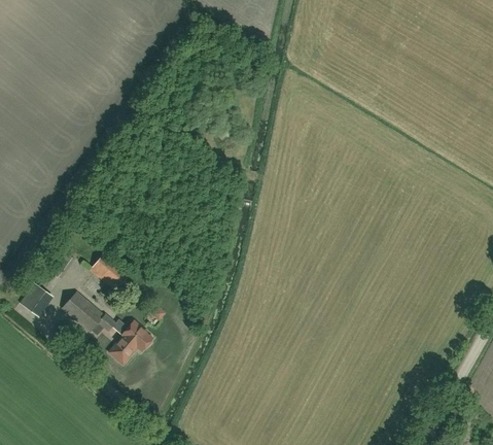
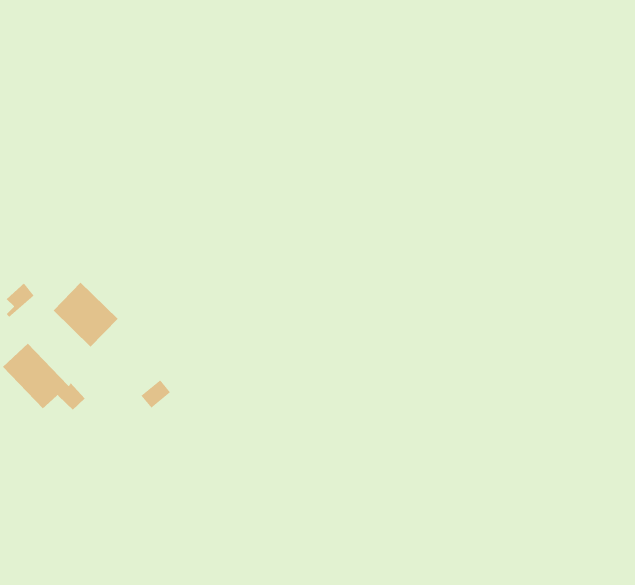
building: [108,320,151,365] -> none

